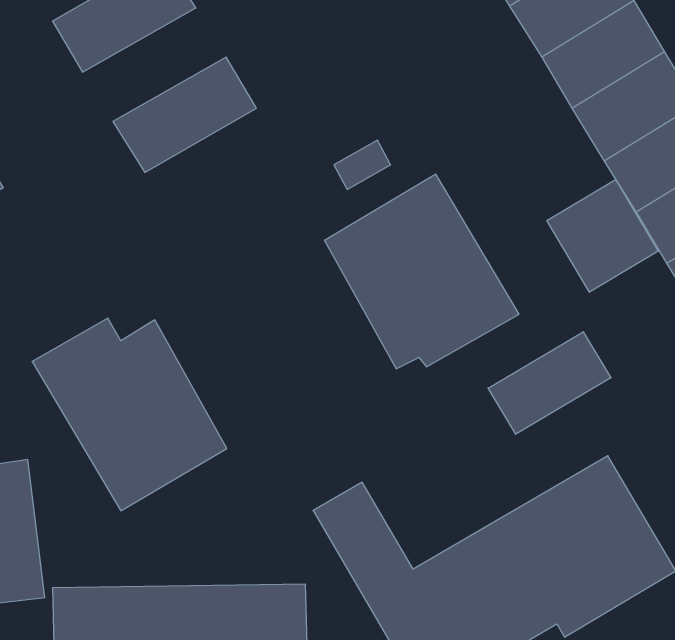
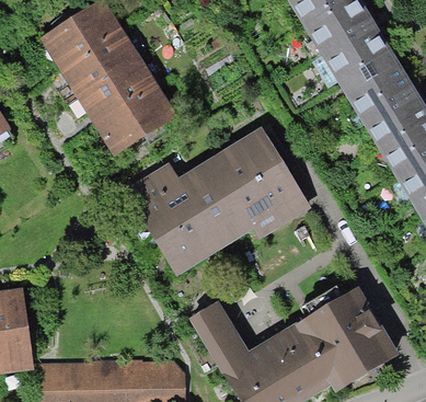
building: none -> [57,27,140,93]
building: none -> [93,85,176,152]
building: [547,179,658,292] -> none
building: [32,318,227,511] -> [126,161,239,273]
building: [488,332,611,434] -> none

